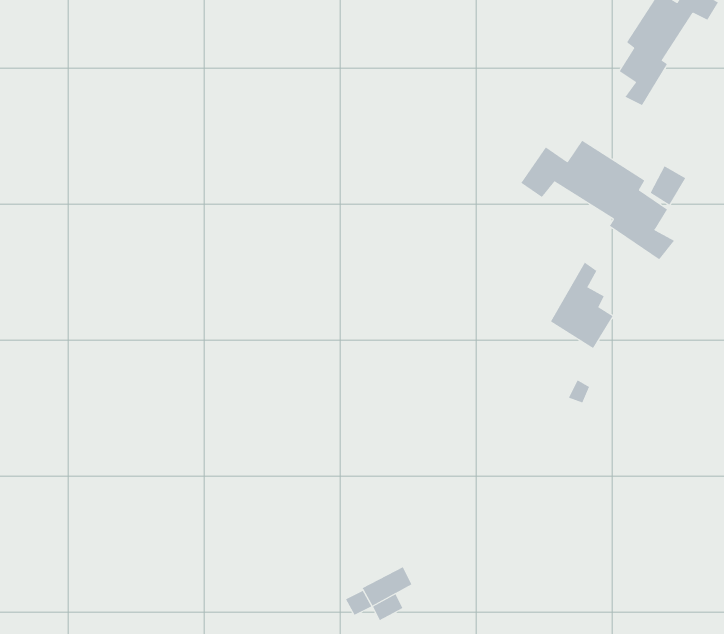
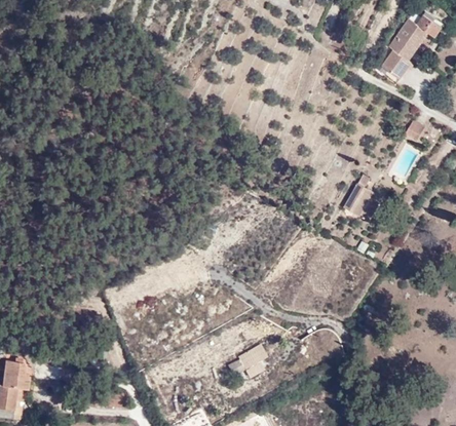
building: [520,140,675,260] -> none

